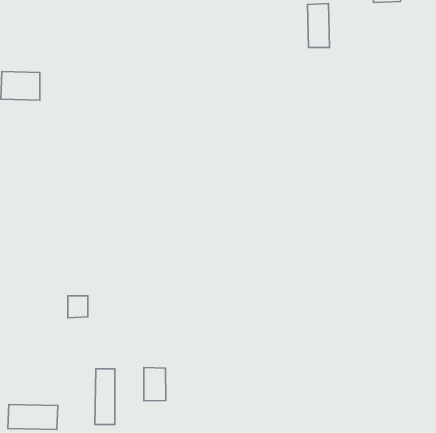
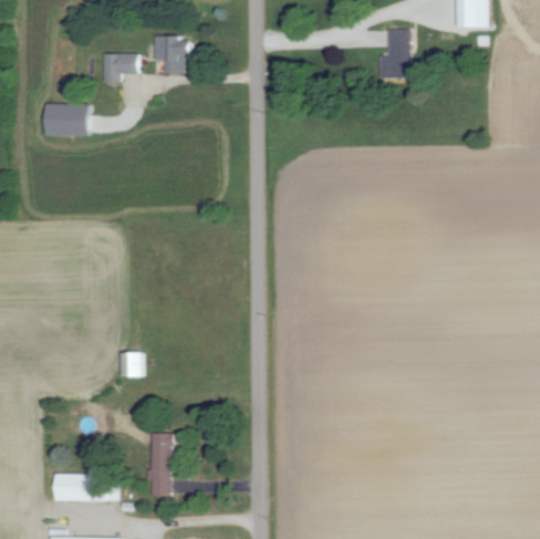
building: none -> [154,35,193,74]
building: none -> [102,53,136,83]
building: [144,367,166,401] -> none

